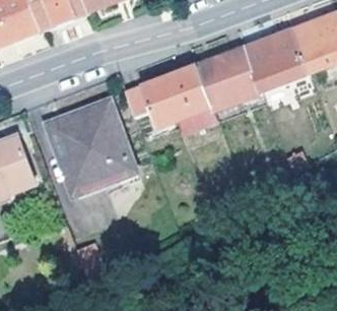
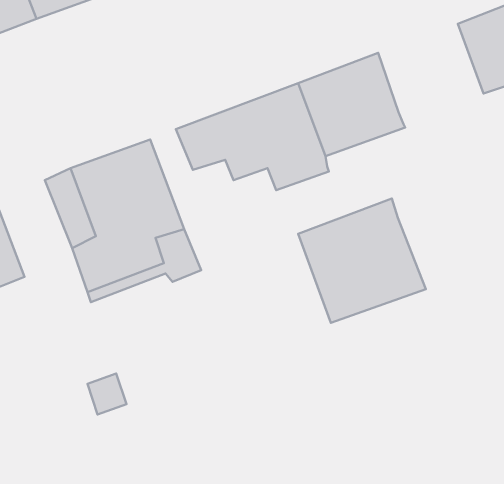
building: [246,29,309,89] -> none
building: none -> [298,199,426,323]

